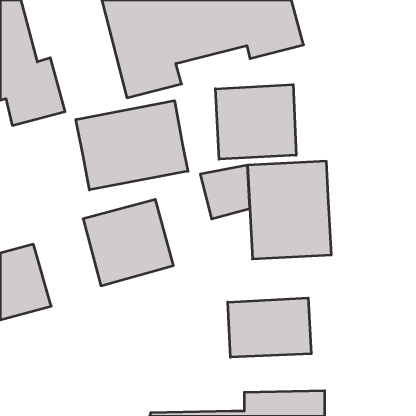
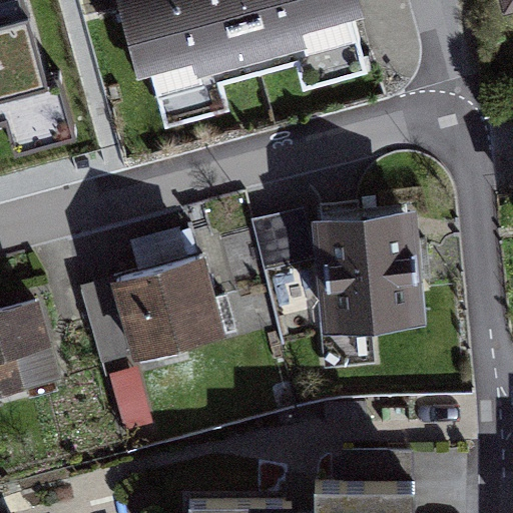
building: [215,85,296,159] -> none
building: [76,101,188,190] -> none
building: [228,298,311,357] -> none

